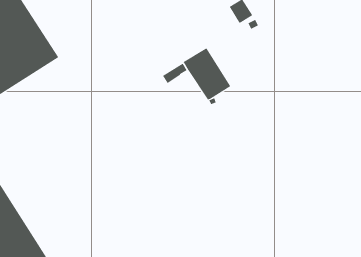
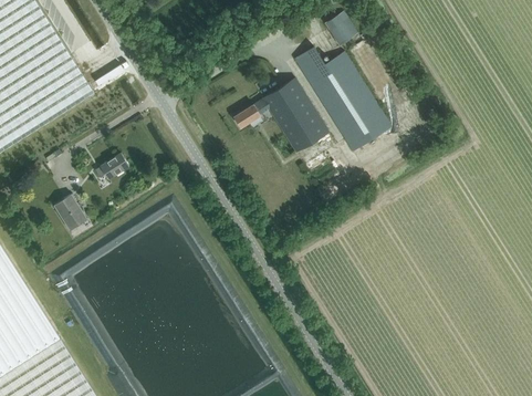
building: none -> [293,46,390,150]
building: none -> [93,154,128,183]
building: none -> [52,192,86,229]

